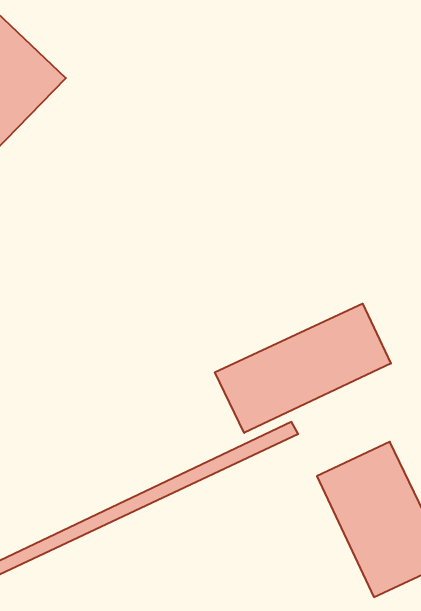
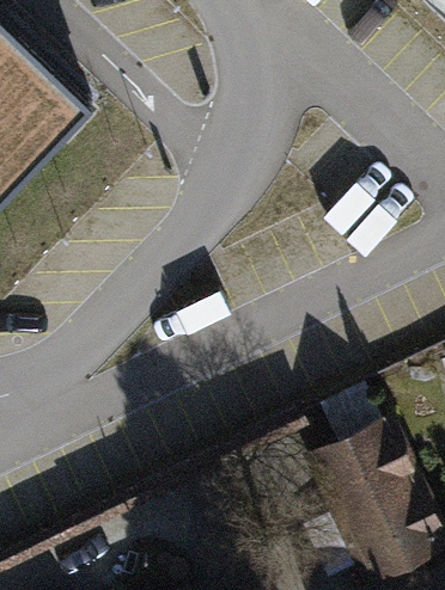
building: [215,304,391,433] -> none

